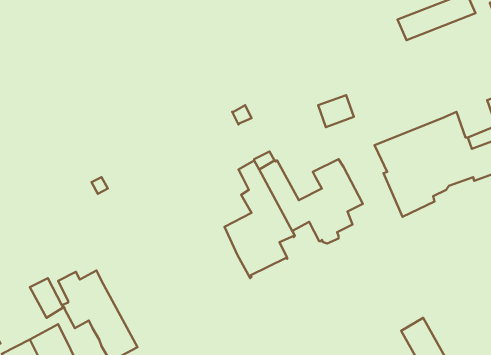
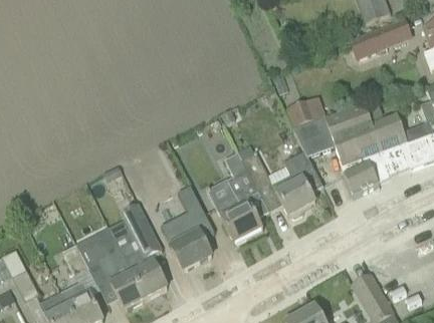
building: none -> [293,100,385,154]
building: none -> [161,185,214,269]
building: none -> [118,217,167,297]

